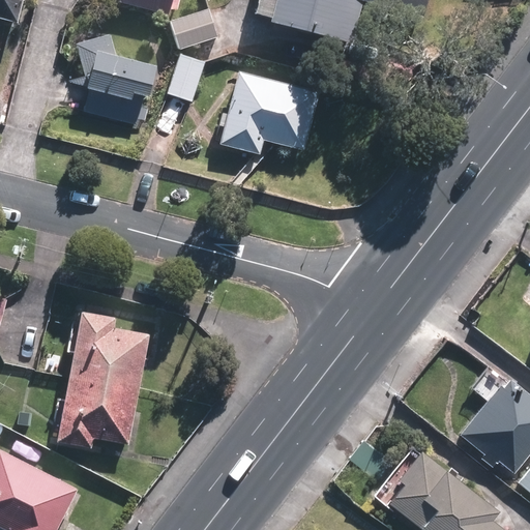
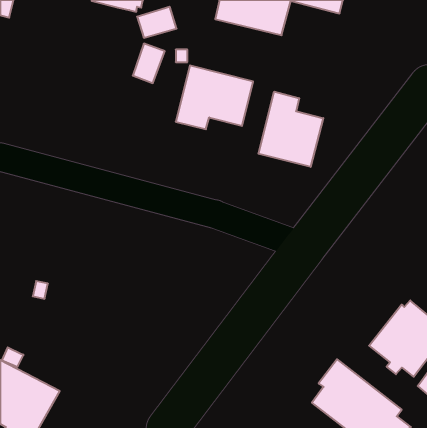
building: [76,34,154,125] -> none
building: none -> [258,92,323,167]
building: [56,304,148,441] -> none

